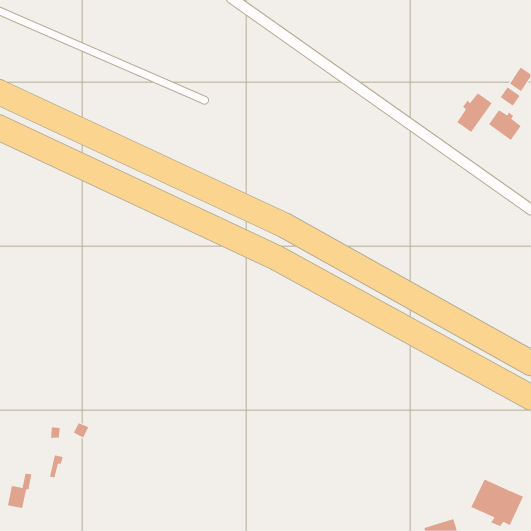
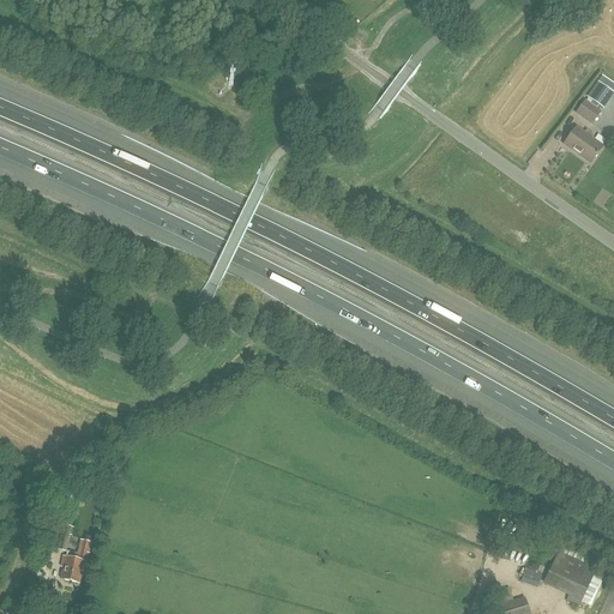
building: [457,92,492,133] -> none
building: [7,473,32,509] -> [59,541,88,582]

